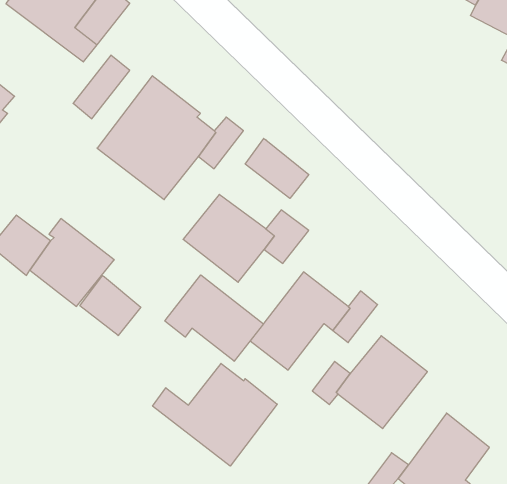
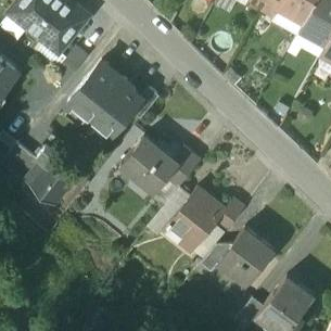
building: [245,138,309,198] -> none
building: [165,275,263,361] -> none
building: [80,276,141,336] -> none
building: [153,363,277,466] -> none

